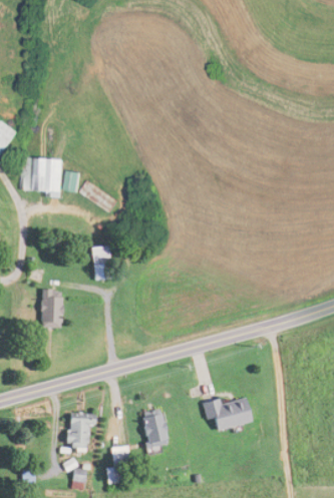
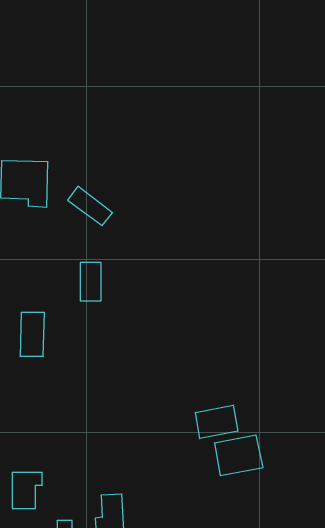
building: none -> [195,405,238,439]
building: [141,413,163,447] -> none
building: [66,415,92,446] -> [12,472,42,508]

